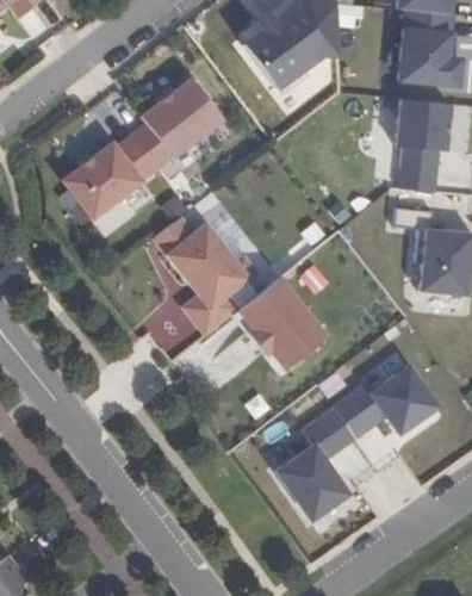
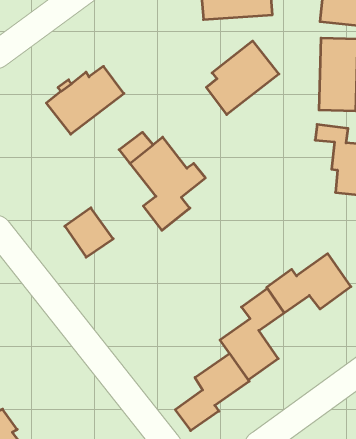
building: [133,77,223,168] -> [206,41,279,115]
building: [238,278,327,370] -> none
building: [144,298,204,359] -> [65,208,113,257]
building: none -> [175,353,249,431]

